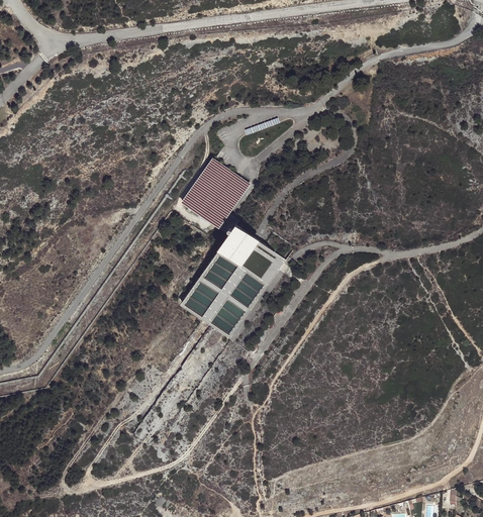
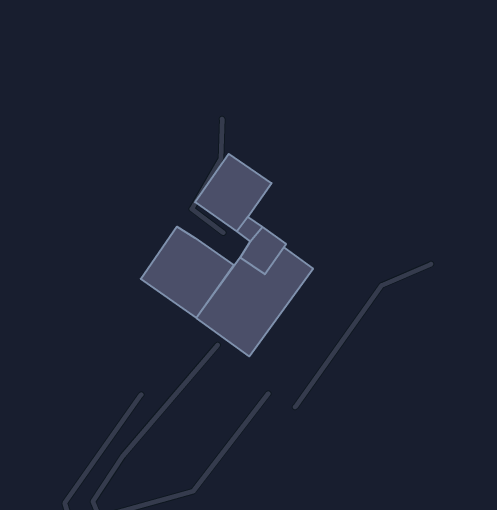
building: none -> [141,227,234,318]

